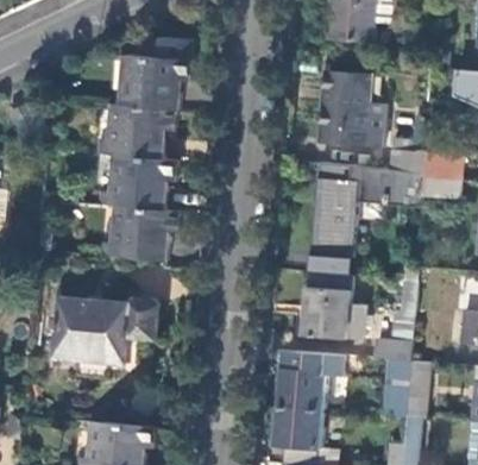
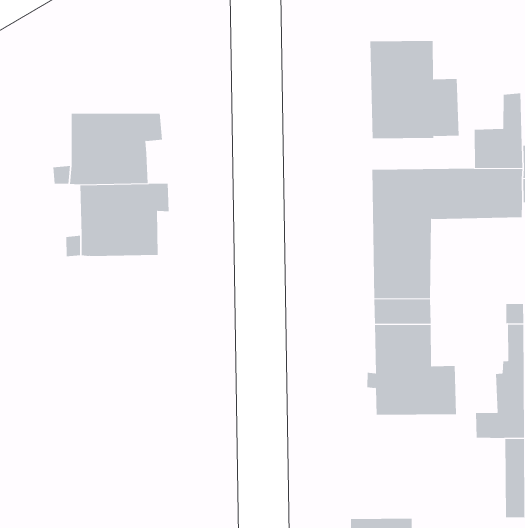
building: [109,36,189,109] -> none
building: [98,206,176,260] -> none
building: [54,294,162,360] -> none
building: [279,352,344,411] -> none

